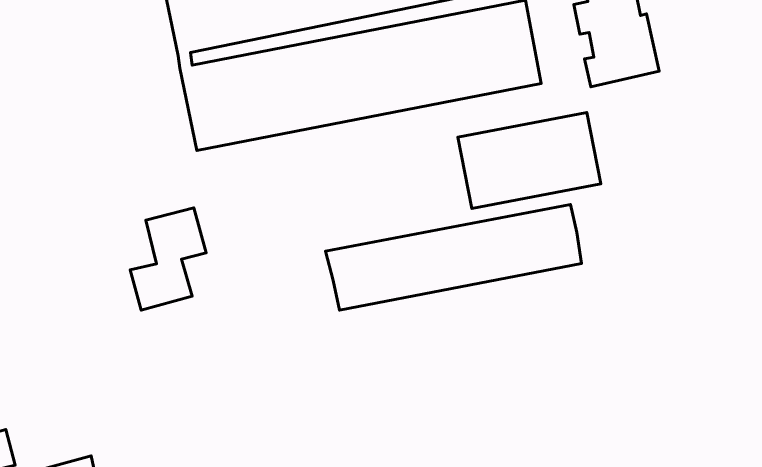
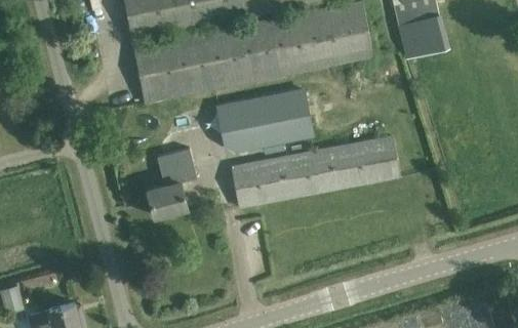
building: [458,112,601,209] -> [215,88,310,152]
building: [130,208,206,310] -> [146,148,196,215]

